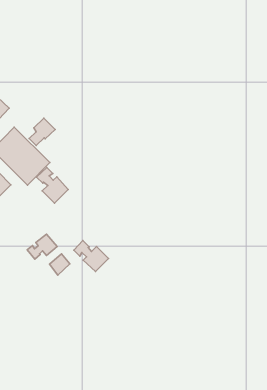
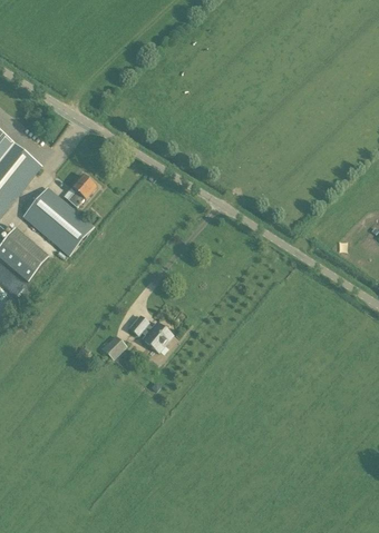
building: [37,167,68,203] -> none
building: [27,234,57,259] -> none

